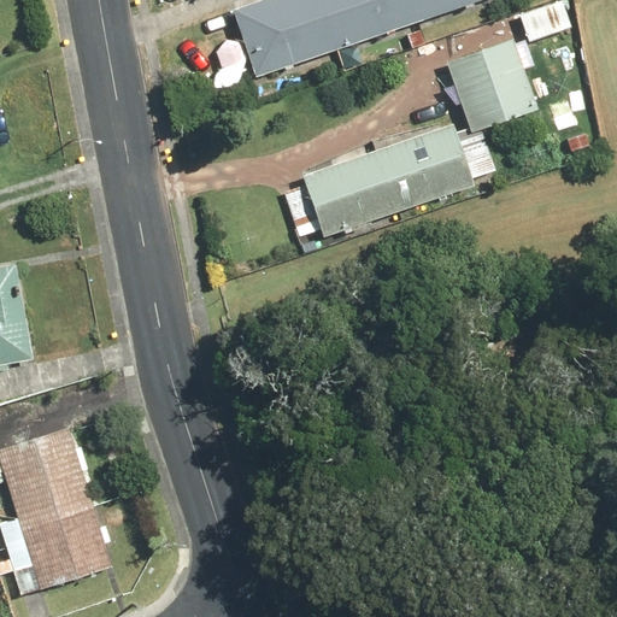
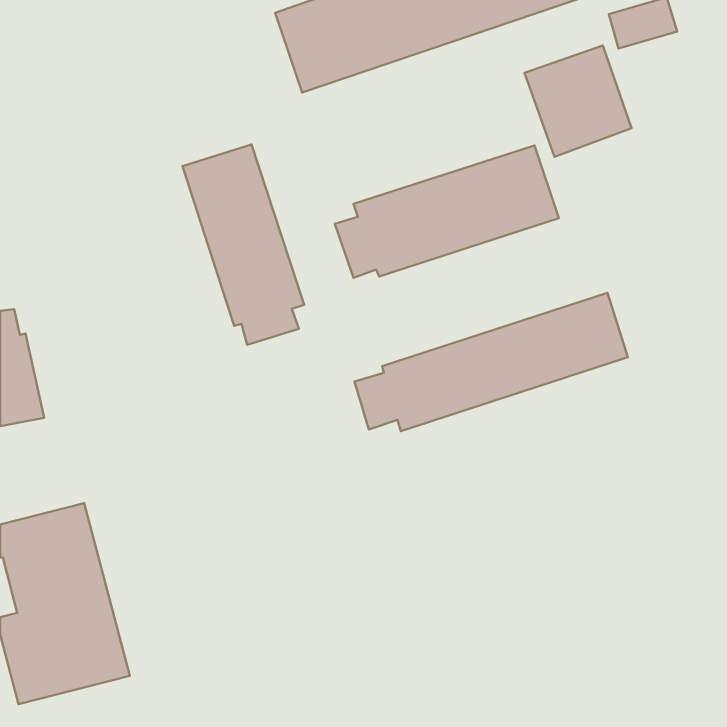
building: none -> [182,144,304,345]
building: none -> [354,293,628,431]

